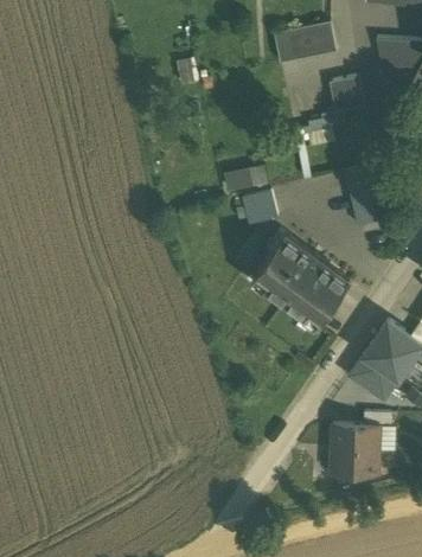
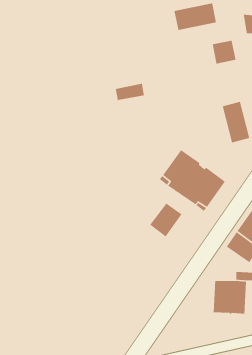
building: [225,165,269,191] -> [115,83,145,101]
building: [244,192,279,226] -> none
building: none -> [149,202,183,237]

